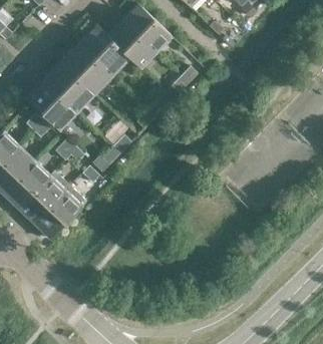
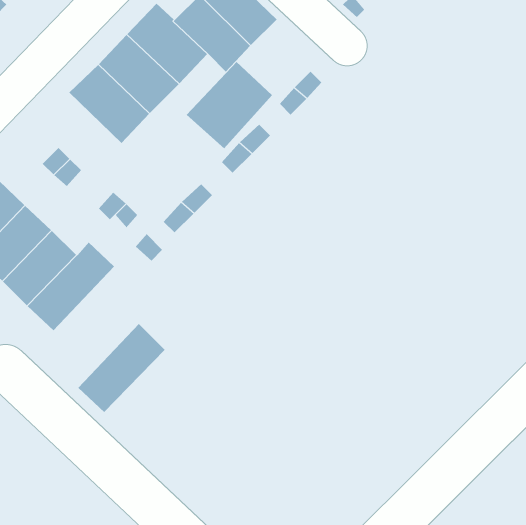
building: none -> [186,61,273,149]
building: [27,79,76,129] -> none
building: [35,185,88,239] -> [78,323,165,413]

